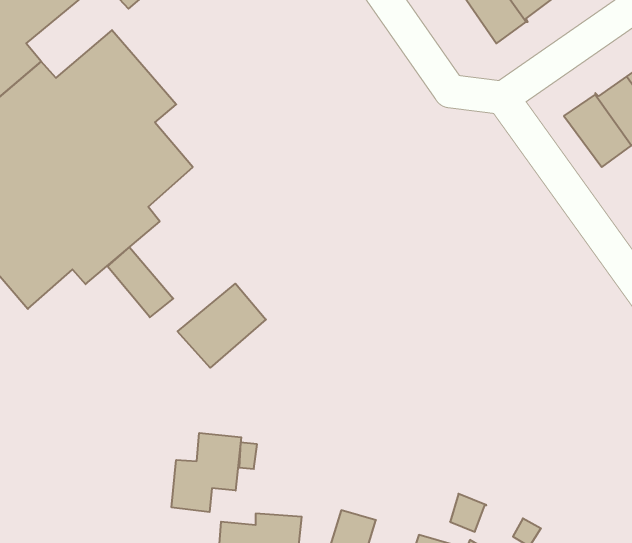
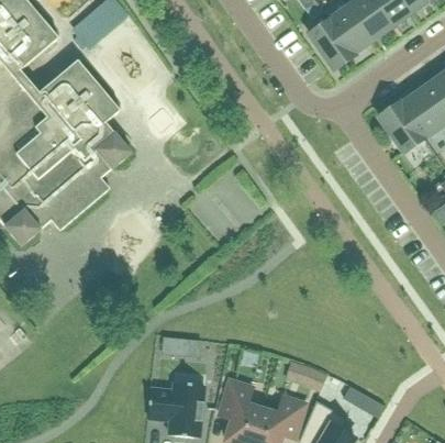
building: [108,247,173,317] -> none
building: [178,284,266,368] -> none
building: [172,433,241,512] -> none

